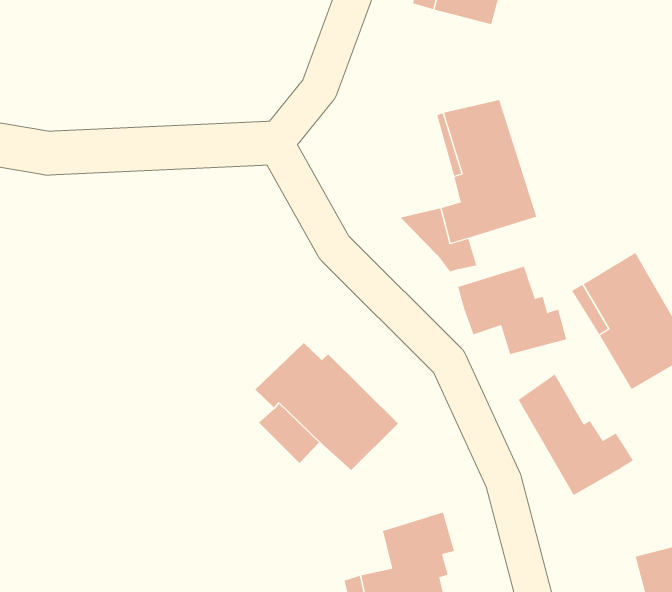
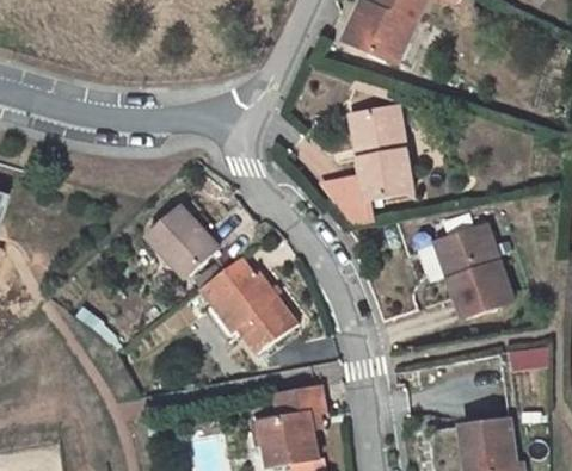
building: [458,266,567,355] -> none
building: none -> [155,202,240,272]
building: [518,374,634,496] -> none

